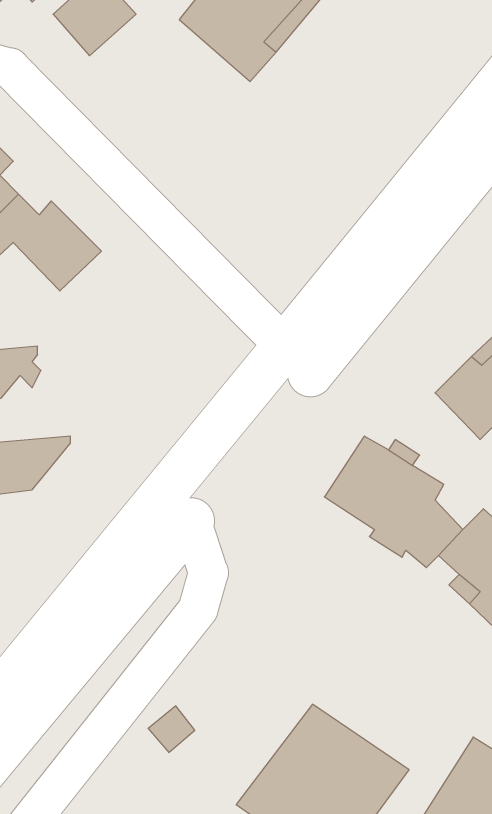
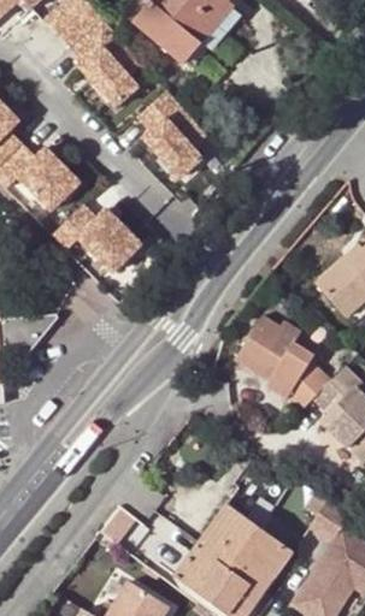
building: none -> [69,22,142,109]
building: none -> [136,94,205,180]
building: none -> [49,209,137,277]

